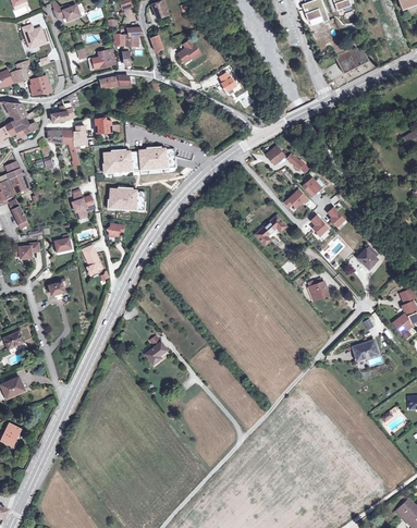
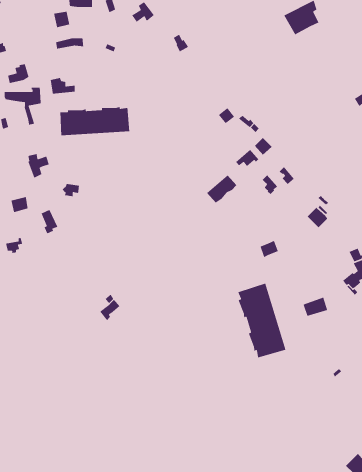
building: [110,188,146,210] -> none
building: none -> [237,283,287,358]

